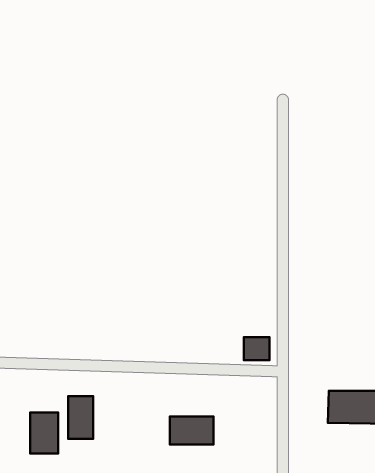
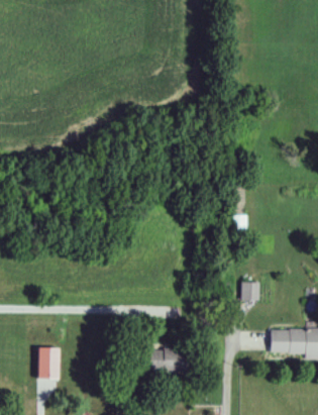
building: [244,337,269,360] -> [241,283,261,301]
building: [68,396,93,439] -> none

